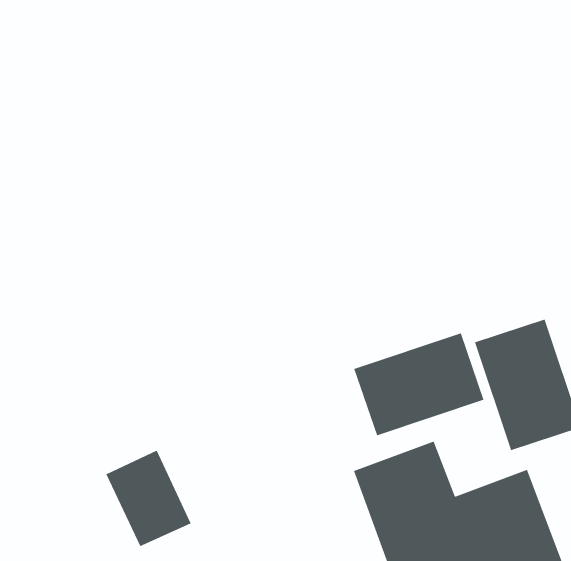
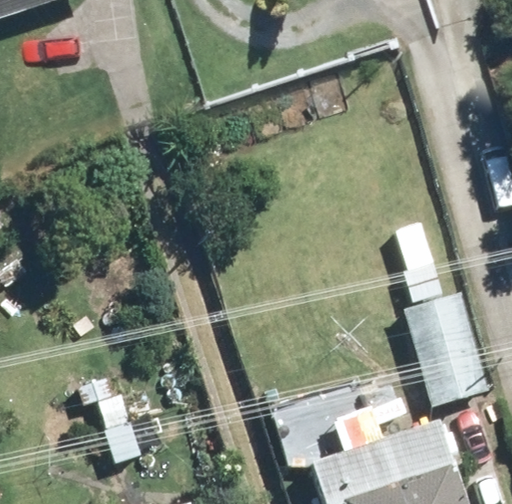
building: [354,332,484,436] -> none

